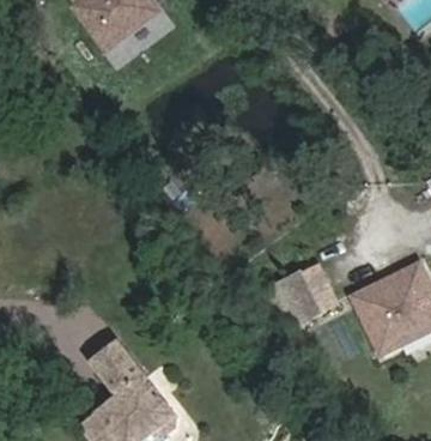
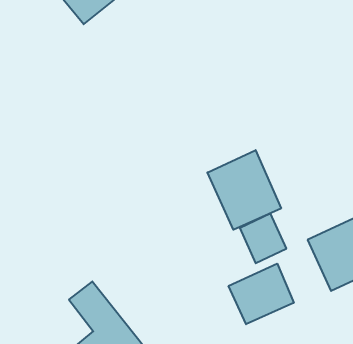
building: none -> [207,150,281,230]
building: none -> [229,264,294,324]

